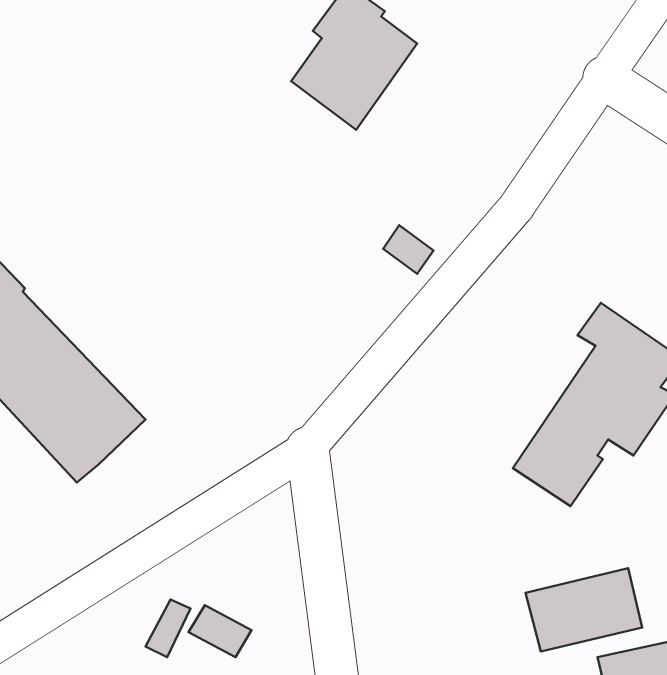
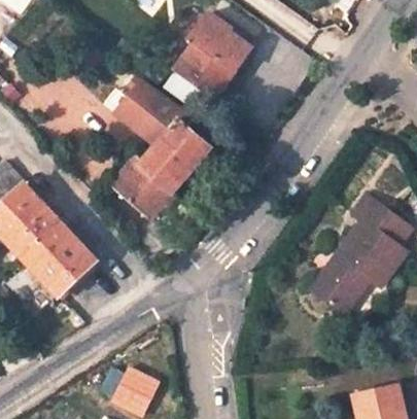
building: none -> [111,74,214,216]
building: [526,568,642,652] -> none

